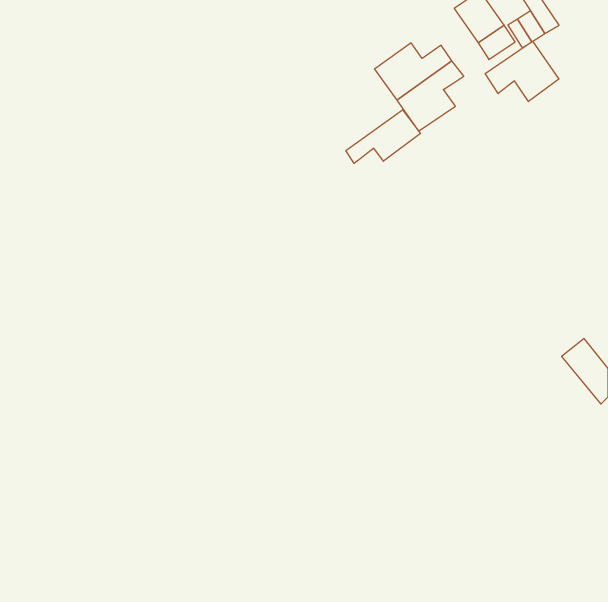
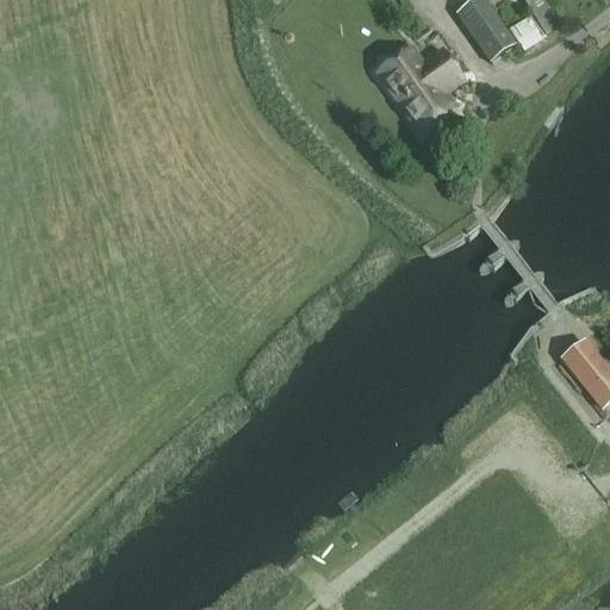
building: [485,41,559,102] -> none
building: [346,110,420,163] -> none

